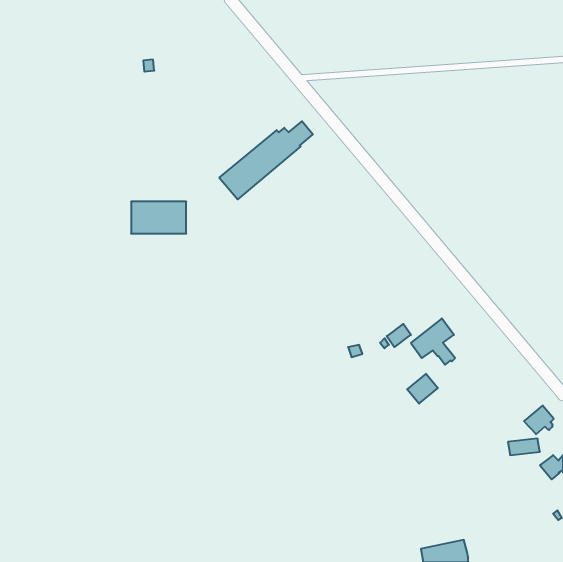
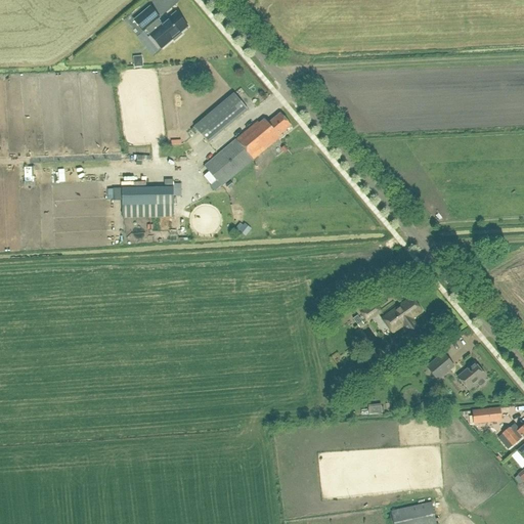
building: none -> [134,6,187,47]
building: none -> [194,93,247,142]
building: [407,374,438,404] -> [426,352,454,380]
building: [524,406,554,434] -> [456,362,484,389]

